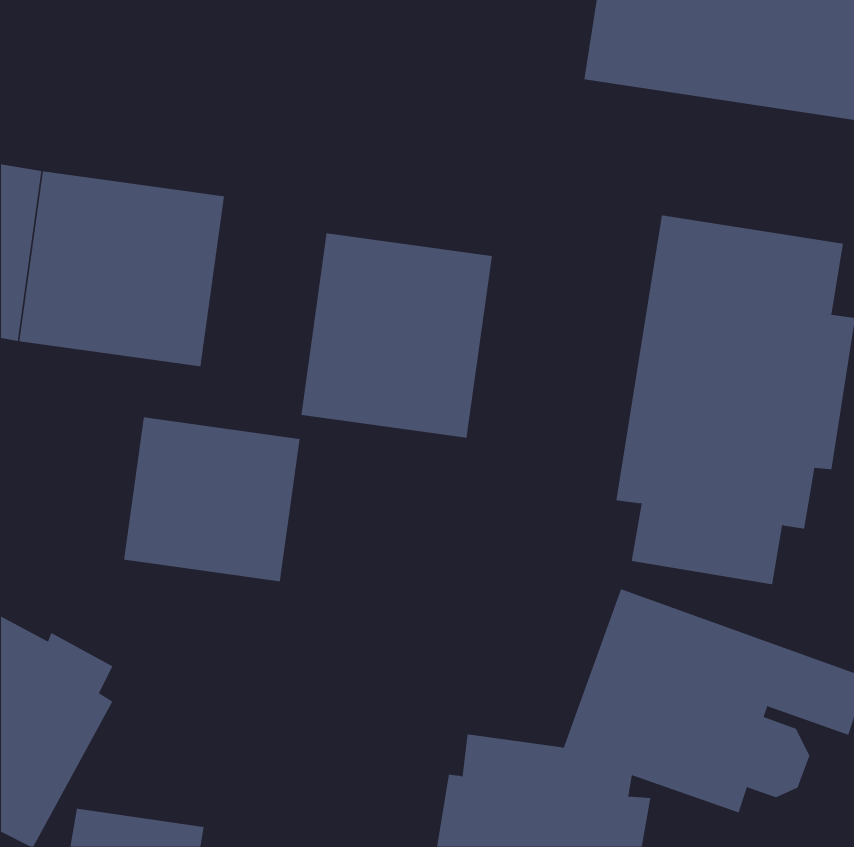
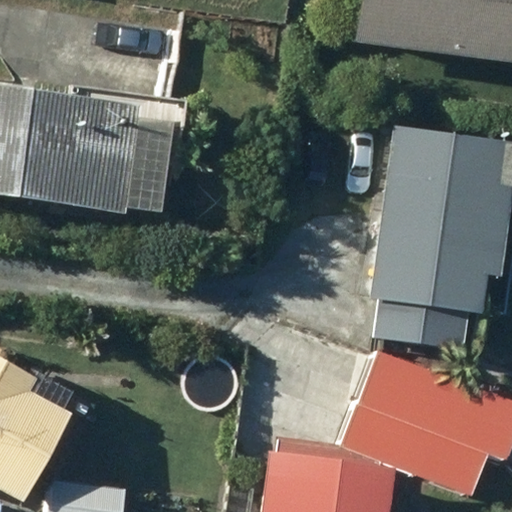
building: [301,232,492,438] -> none
building: [123,417,300,582] -> none

